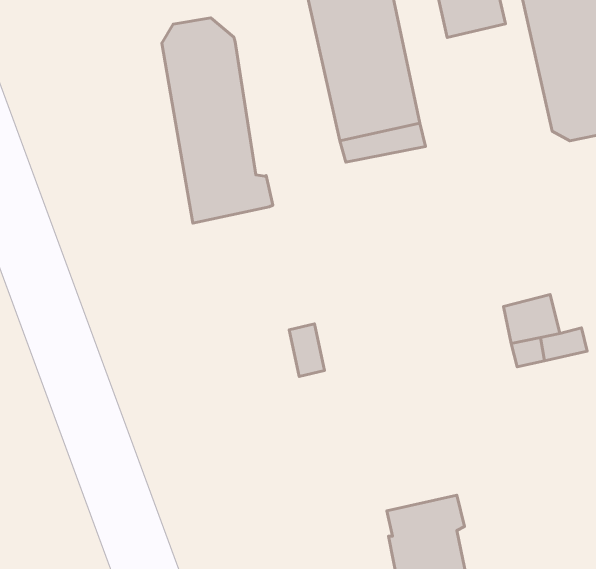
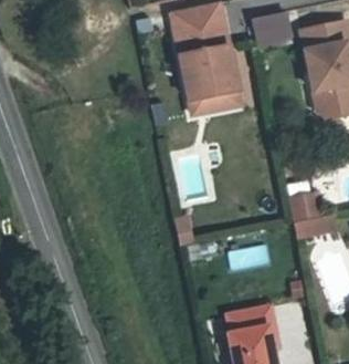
building: [162,18,273,223] -> none

